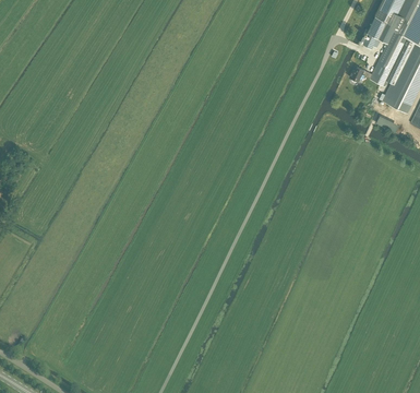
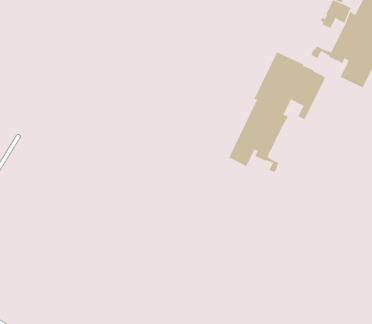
building: none -> [229,51,325,173]

